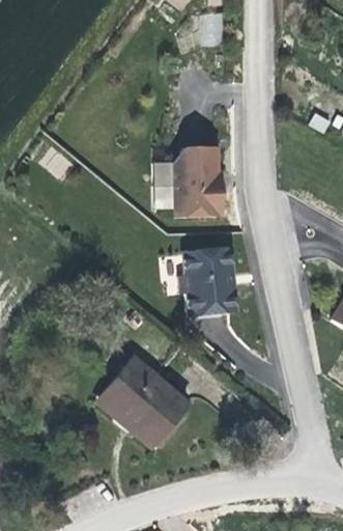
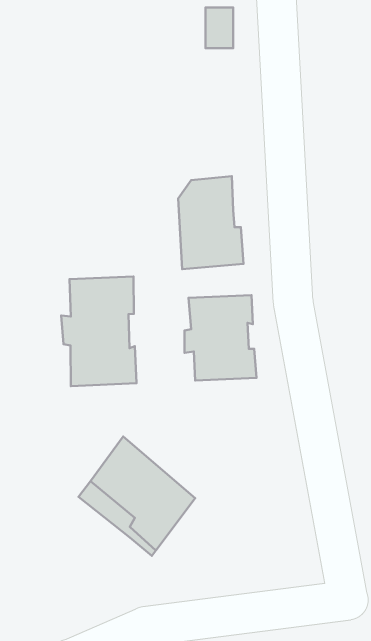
building: none -> [61,276,136,386]

